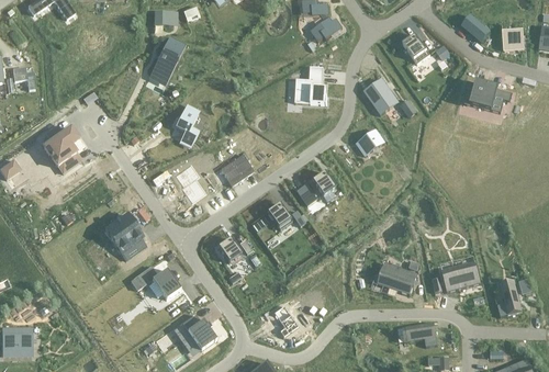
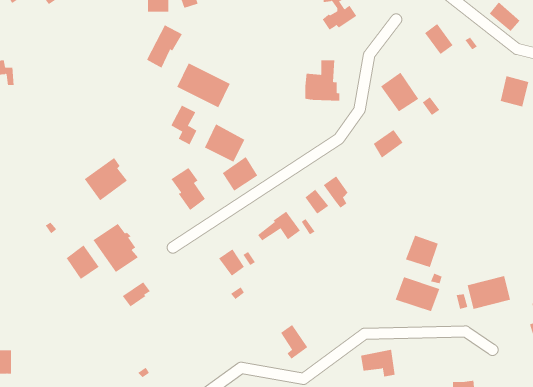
building: none -> [176,63,231,108]
building: none -> [204,124,245,162]
building: [42,127,81,167] -> [84,157,128,201]
building: none -> [405,235,438,268]
building: none -> [66,245,99,280]
building: [150,269,180,300] -> none
building: [181,314,215,350] -> none
building: [404,322,436,347] -> [360,349,396,377]

